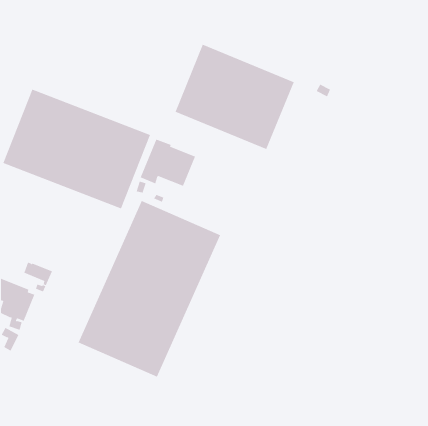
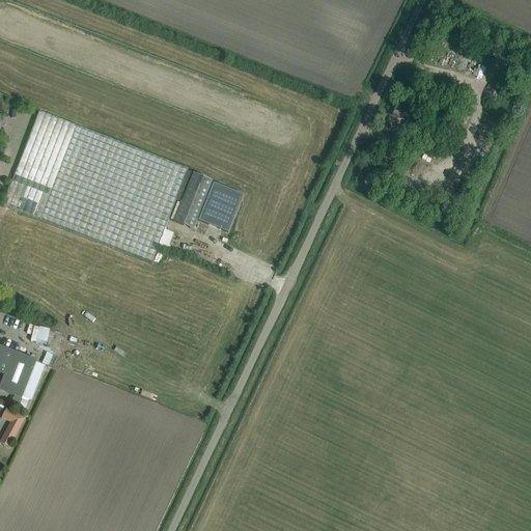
building: [175,44,294,150] -> none
building: [78,200,221,378] -> none

